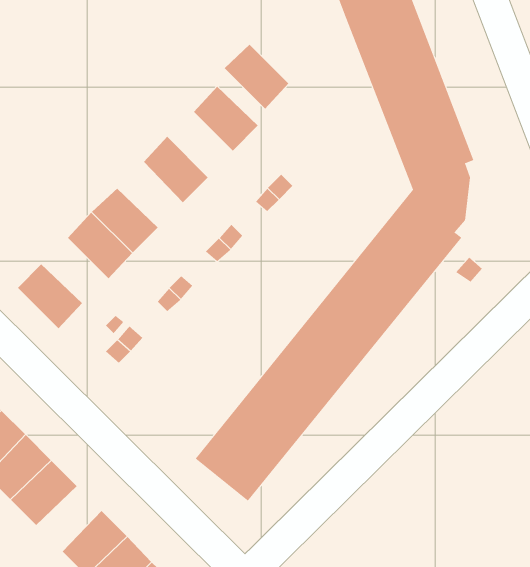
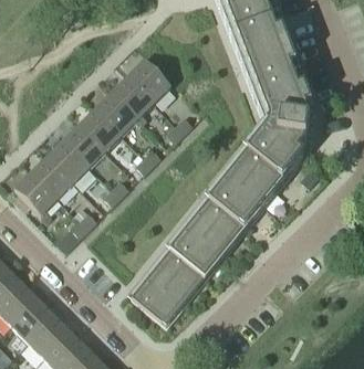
building: [224,44,289,109] -> [112,75,154,117]
building: none -> [80,107,122,149]
building: none -> [31,156,74,198]
building: none -> [28,315,70,357]

